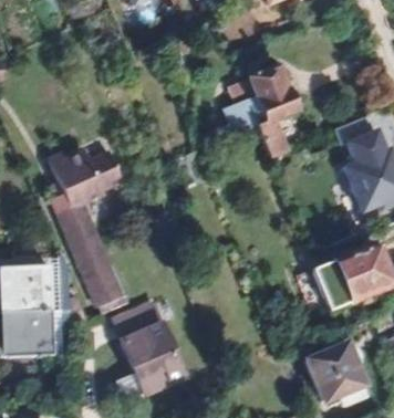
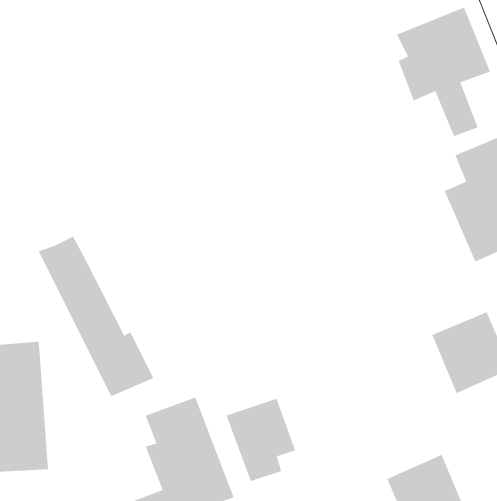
building: [229,65,297,158] -> [396,7,491,137]
building: [45,150,122,208] -> none
building: none -> [226,398,296,482]

